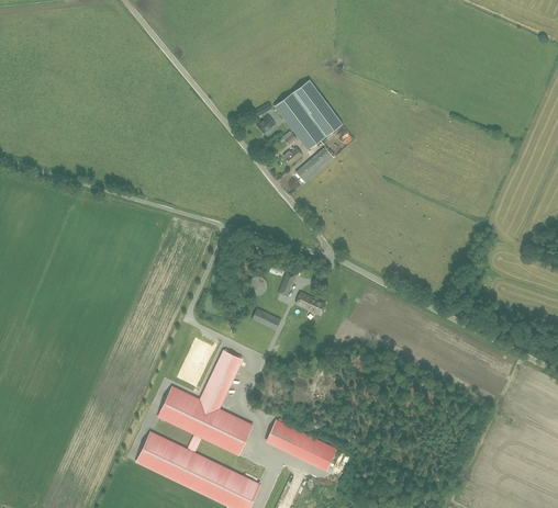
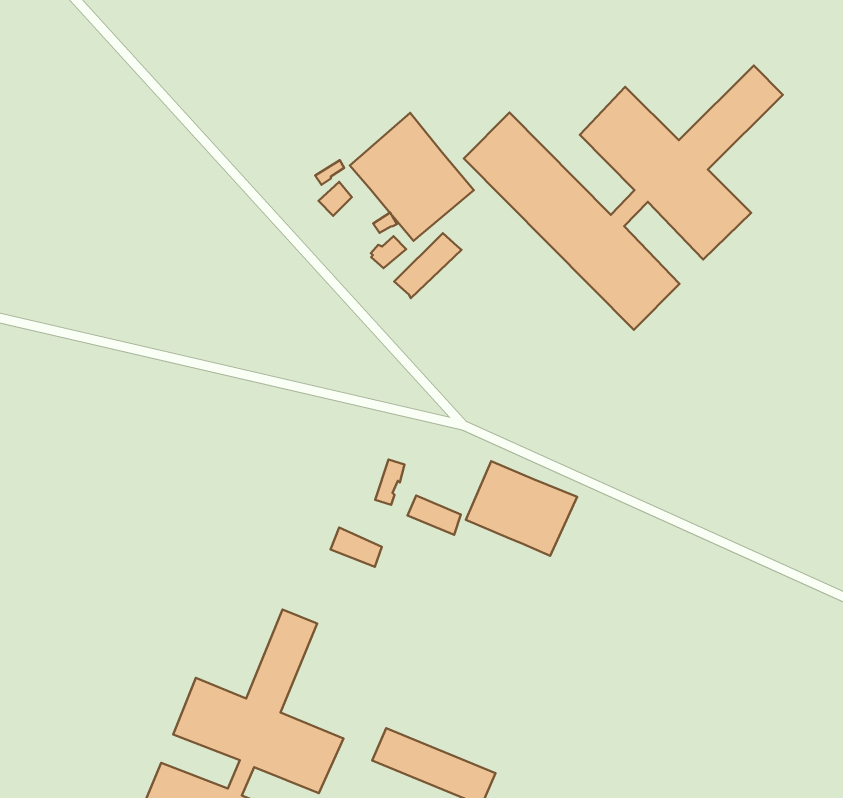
building: none -> [464,66,783,330]
building: none -> [466,461,577,556]

